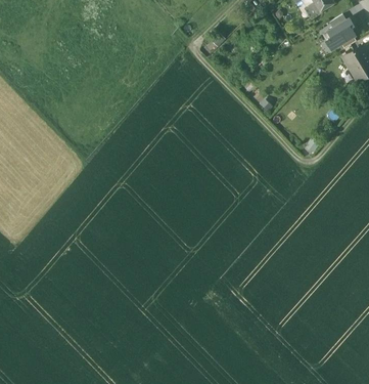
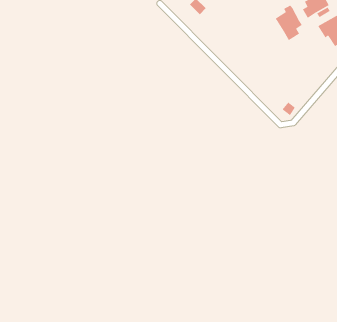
building: none -> [275,4,303,41]

